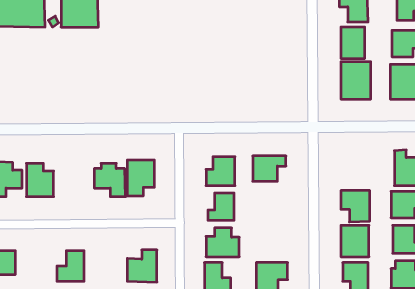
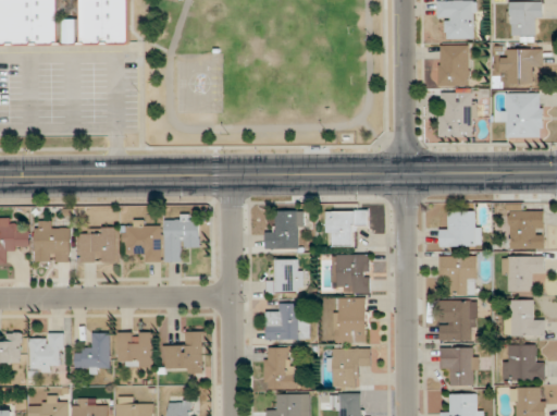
building: none -> [438,211,480,246]
building: none -> [81,228,117,262]
building: none -> [331,254,369,293]
building: none -> [334,297,367,343]
building: none -> [29,332,63,371]
building: none -> [119,332,152,366]

